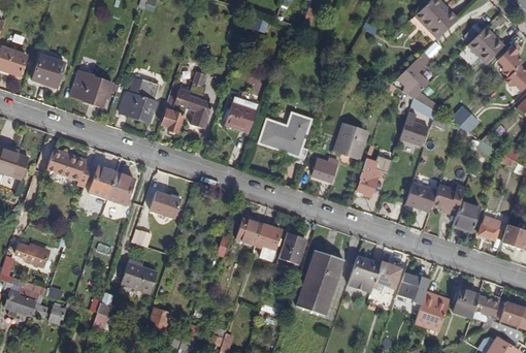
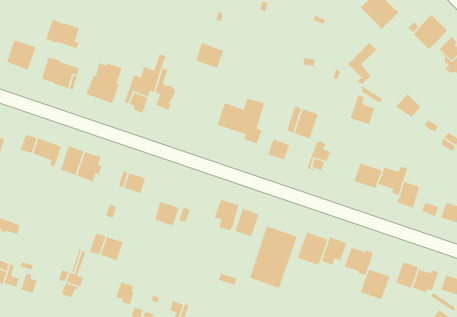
building: none -> [45,19,80,49]
building: [225,101,256,130] -> [195,42,224,69]
building: [235,215,263,243] -> [154,201,180,227]

